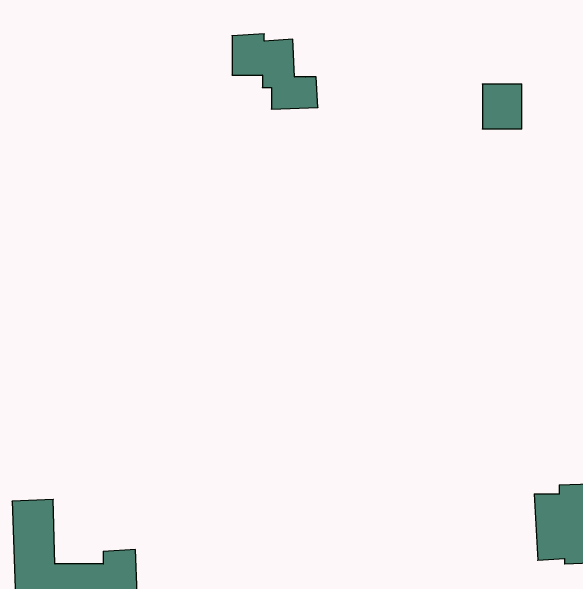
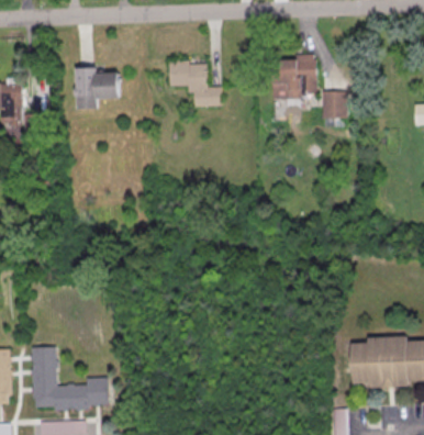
building: none -> [271,59,315,100]
building: none -> [74,68,118,110]

